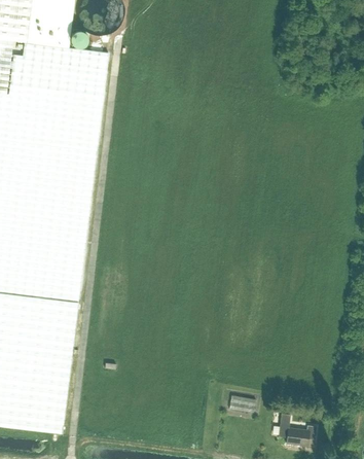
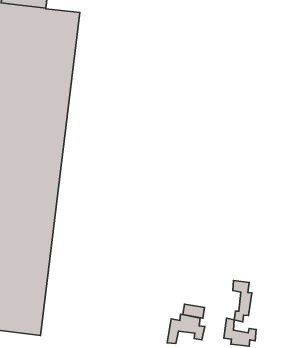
building: none -> [233,280,252,322]
building: none -> [167,314,205,343]

